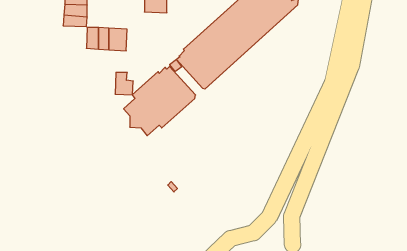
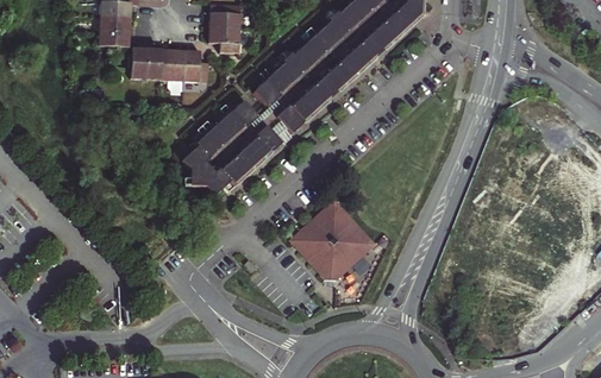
building: none -> [211,26,242,52]
building: [115,72,133,95] -> [186,50,211,81]
building: none -> [288,199,375,281]

